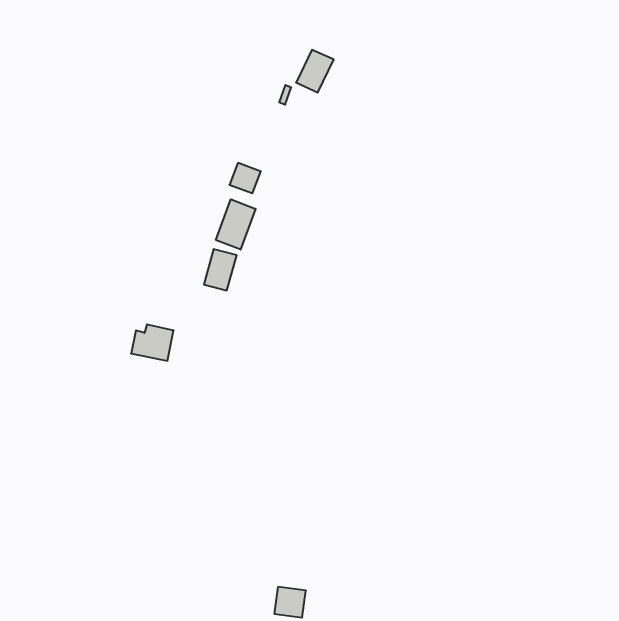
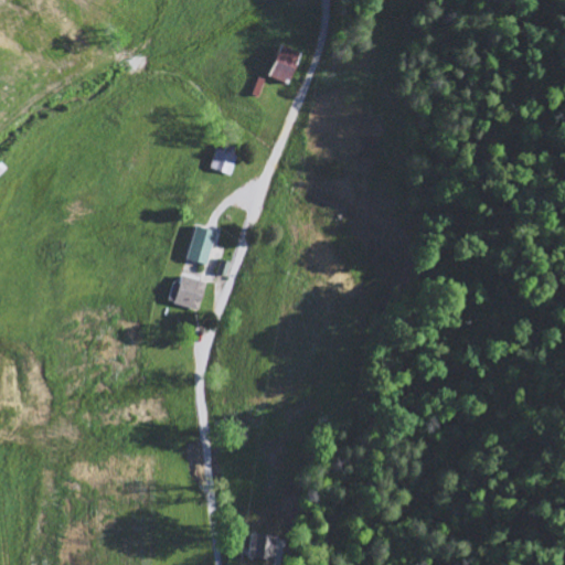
building: [216,199,256,250] -> none
building: [131,324,174,361] -> [167,276,205,309]

